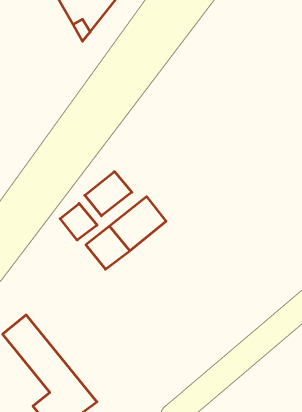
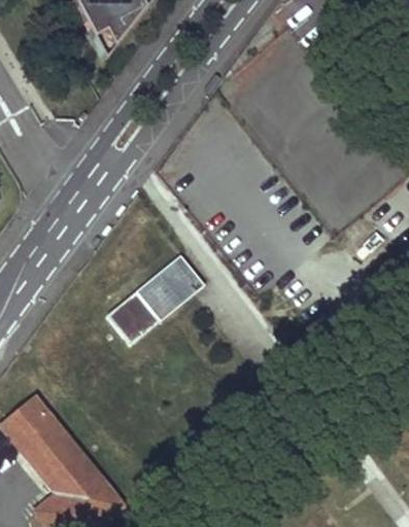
building: [85,172,132,216] -> none
building: [60,203,97,240] -> none

